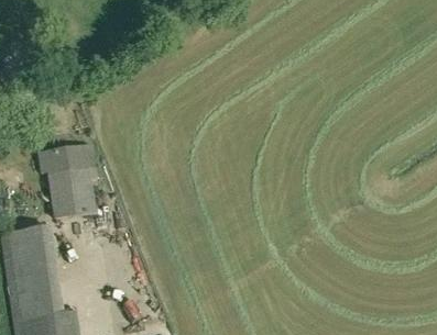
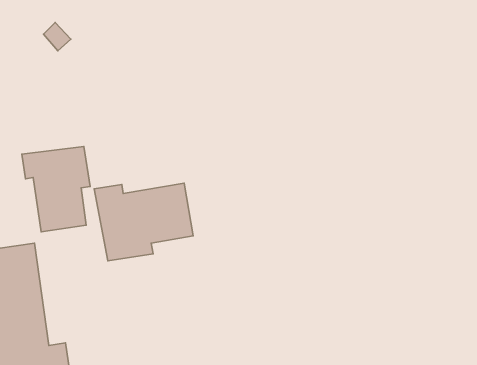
building: none -> [94,183,193,261]

